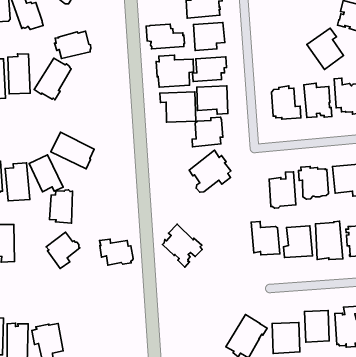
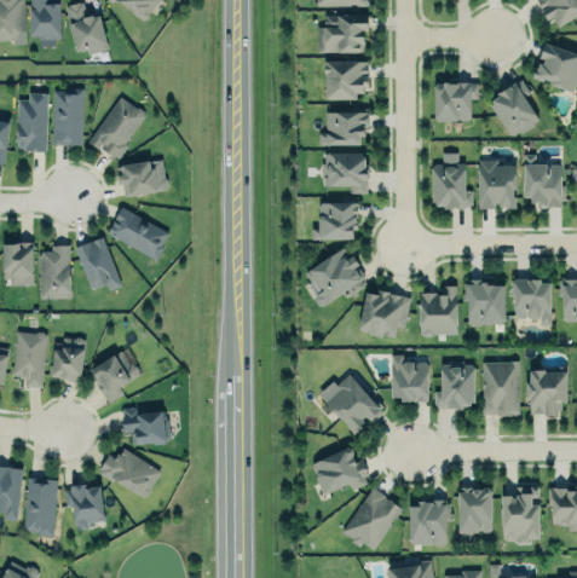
building: [146,24,185,49] -> none
building: none -> [434,81,478,122]
building: [55,31,91,59] -> [115,160,167,197]
building: [156,55,194,87] -> none
building: [160,92,196,122] -> none
building: none -> [358,290,410,337]
building: [49,190,73,223] -> [50,336,86,385]
building: [163,224,202,267] -> [325,374,382,437]
building: [100,239,133,265] -> [122,408,169,445]
building: none -> [310,446,370,498]
building: none -> [98,449,161,501]

